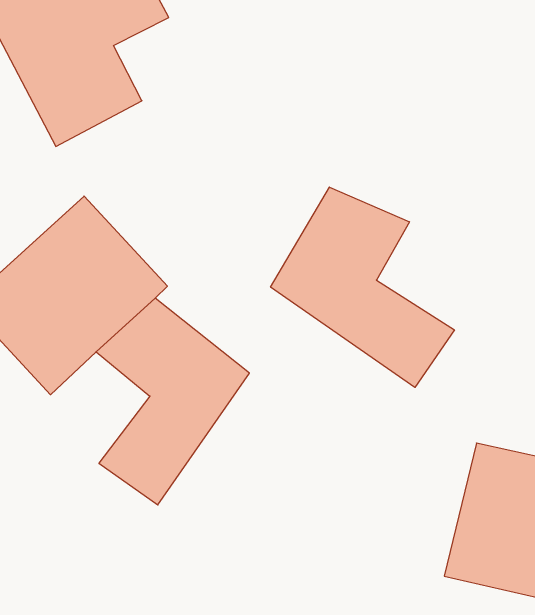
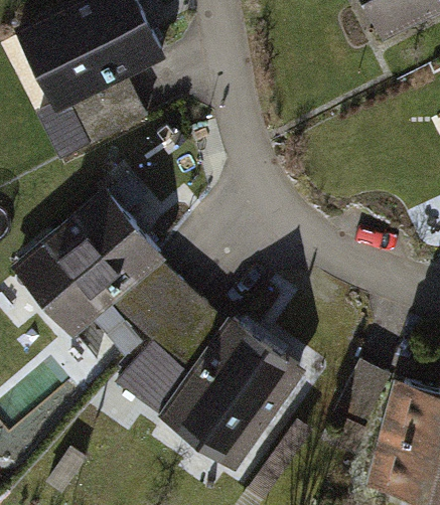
building: [271,187,454,387] -> none
building: none -> [156,313,312,478]

